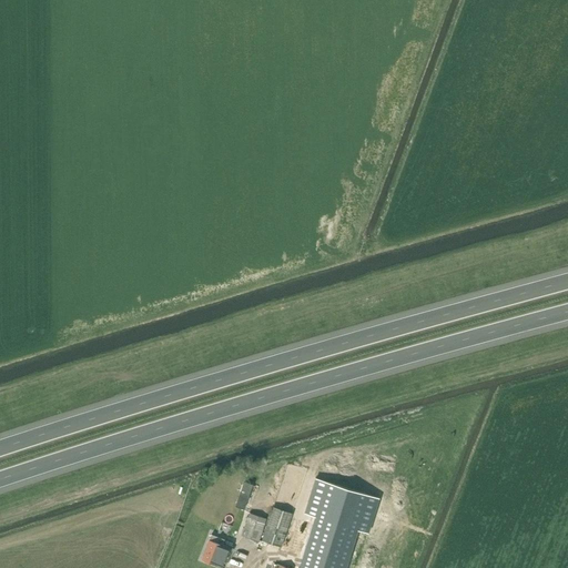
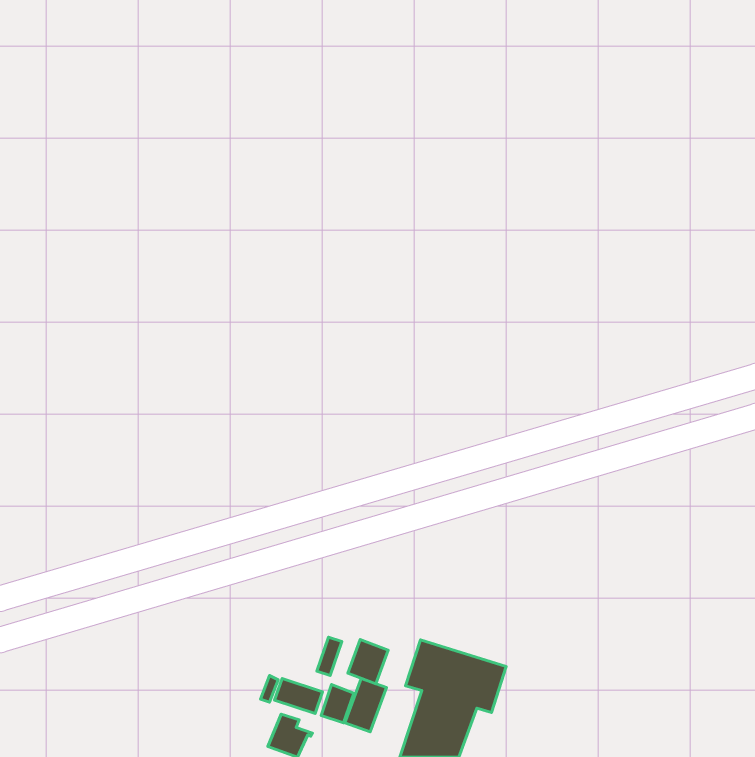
building: none -> [348,639,388,684]
building: none -> [275,678,323,714]

